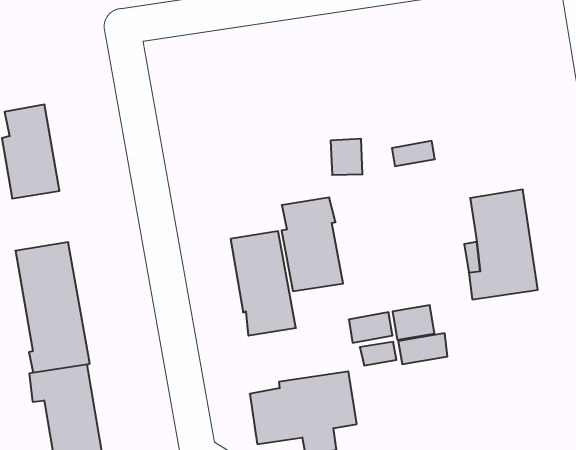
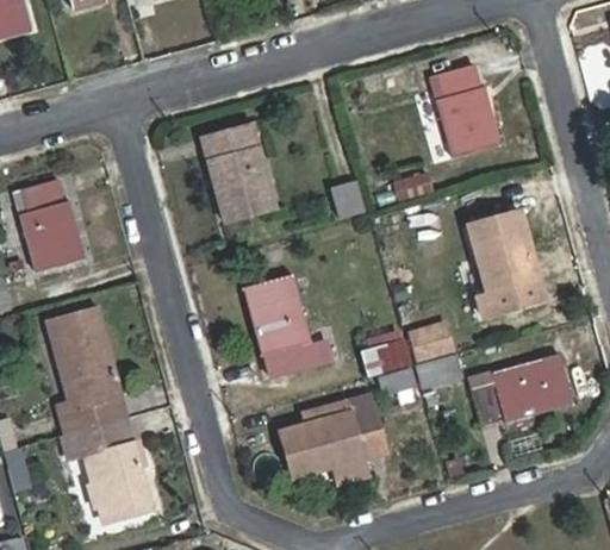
building: none -> [436,64,496,157]
building: [282,197,343,291] -> [207,126,273,218]
building: none -> [471,356,572,423]

